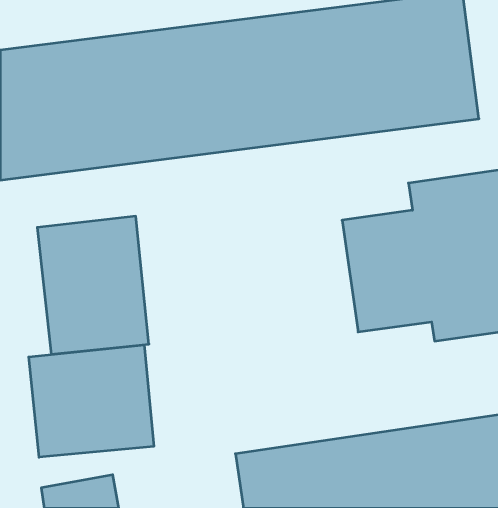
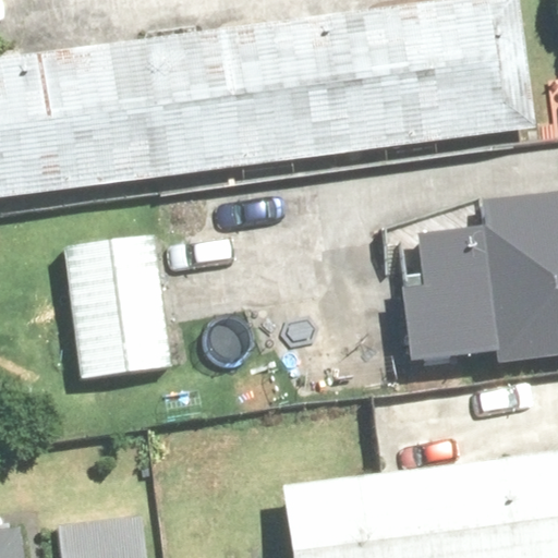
building: [29,345,154,457] -> none

